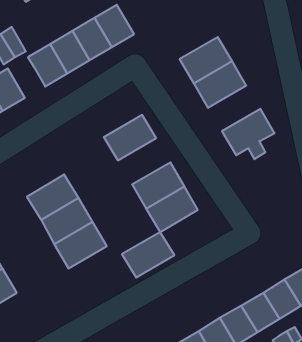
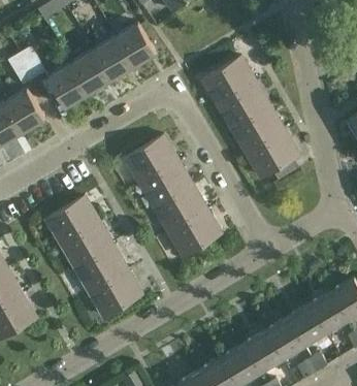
building: none -> [231,106,285,153]
building: none -> [139,160,193,207]
building: [122,232,174,278] -> [89,270,142,317]

